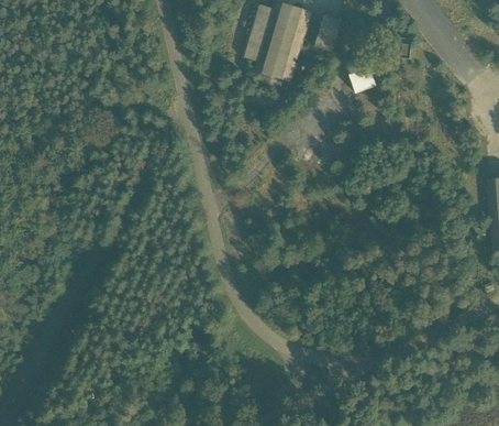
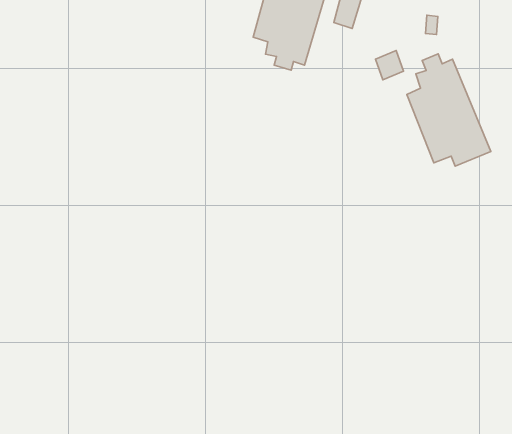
building: none -> [407,54,491,166]

